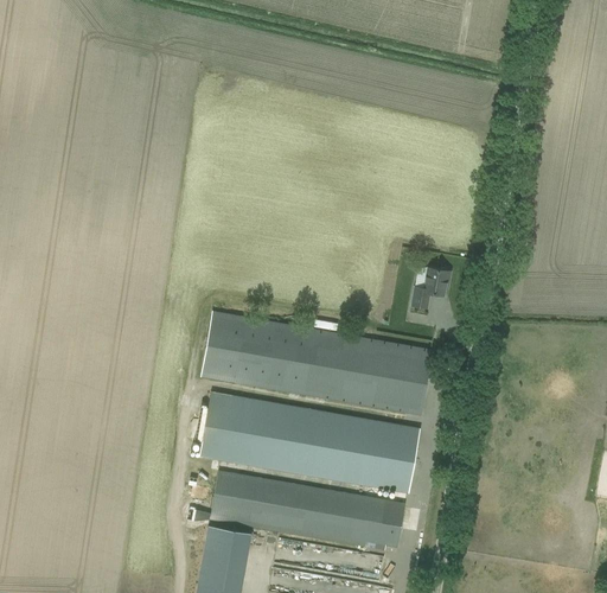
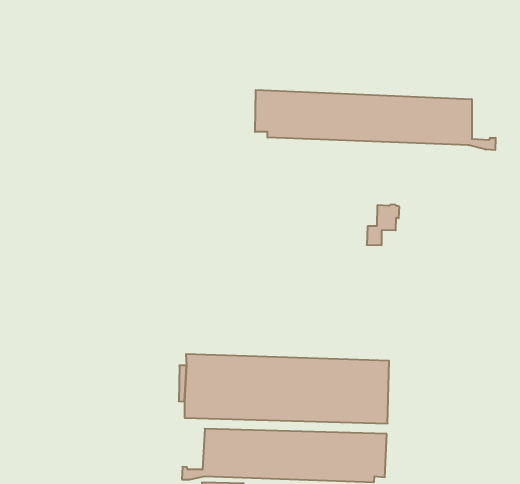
building: none -> [255,90,496,150]
building: [202,312,433,415] -> none

